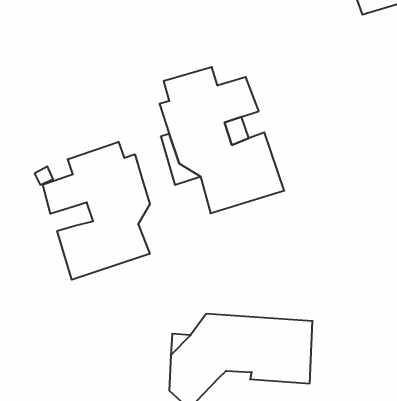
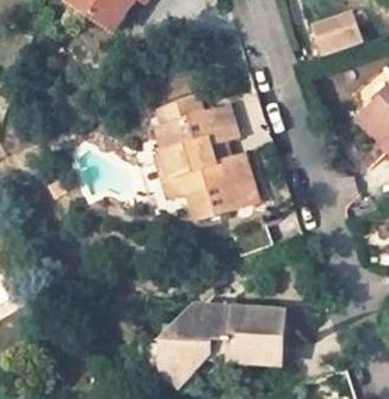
building: [43,142,150,280] -> none

